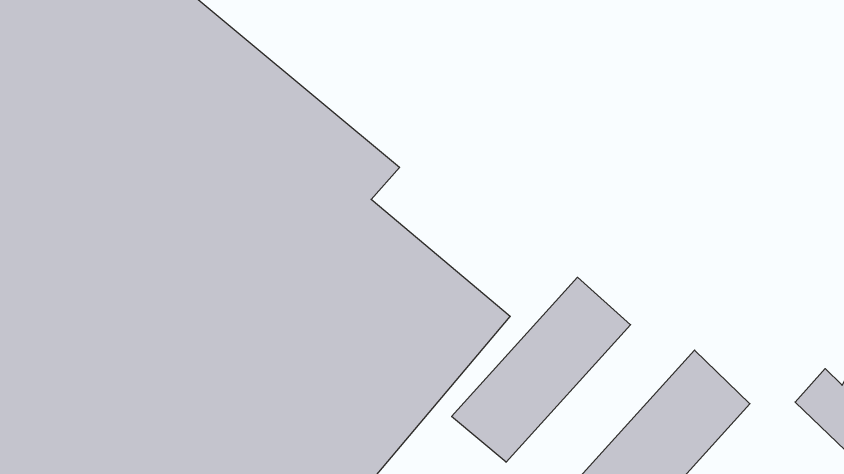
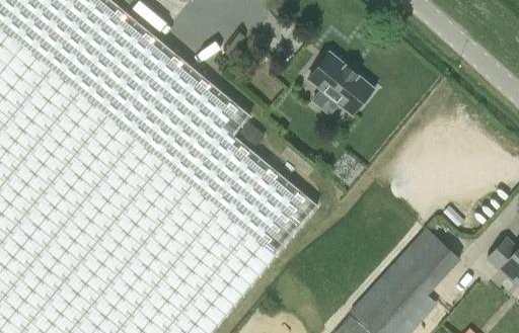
building: none -> [307,54,372,116]
building: [452,277,631,462] -> none

